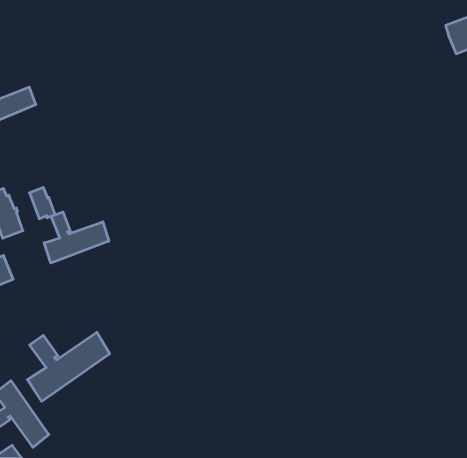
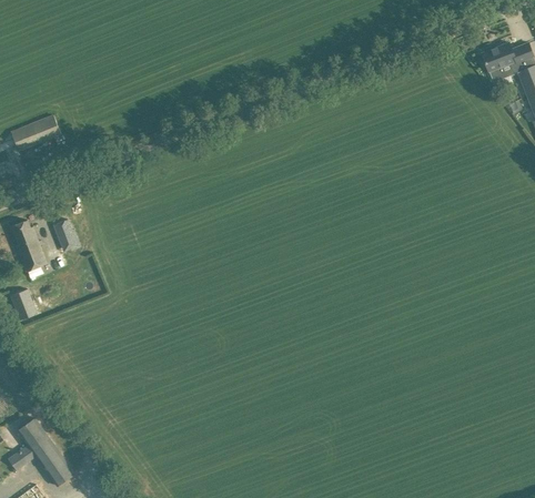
building: [44,212,109,263] -> none
building: [27,332,110,401] -> none

